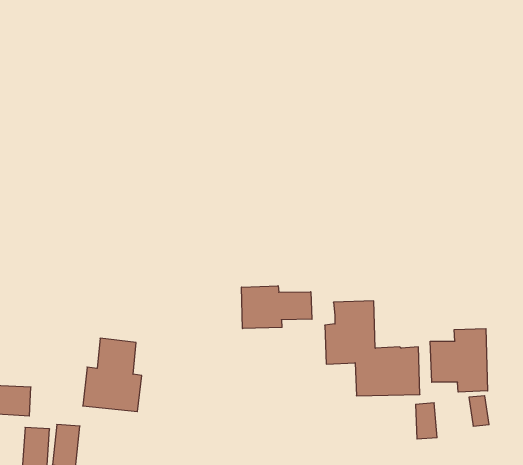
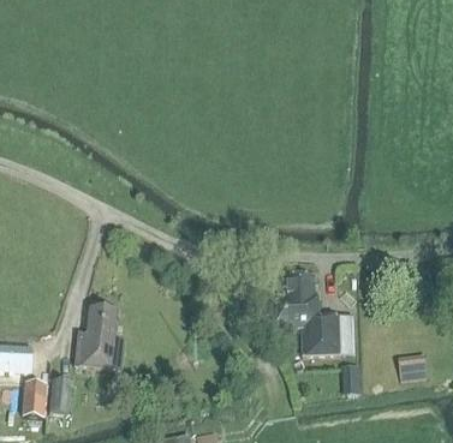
building: [242,286,312,329] -> none
building: [430,329,488,392] -> none

